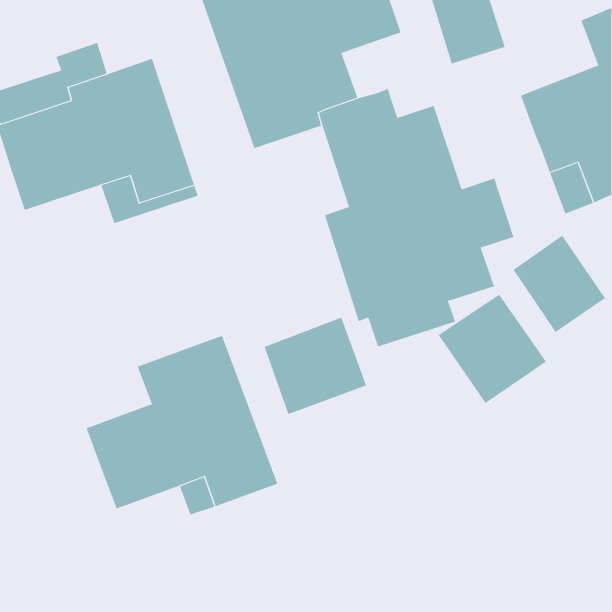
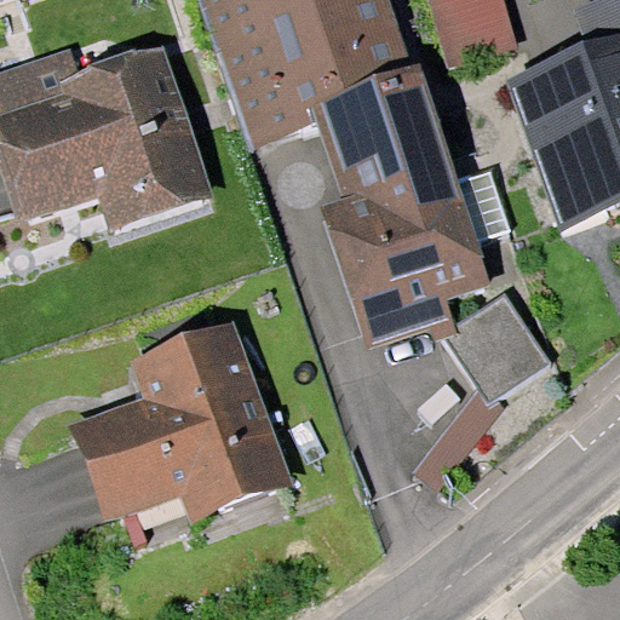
building: [513,235,606,333] -> none
building: [264,317,367,415] -> none

